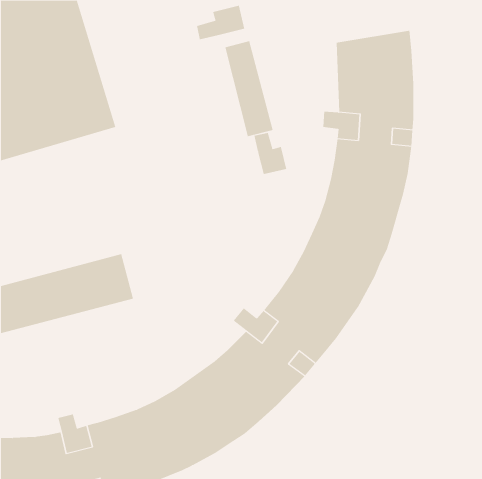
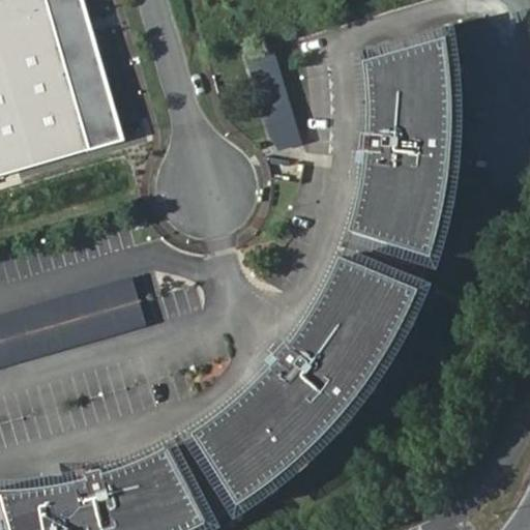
building: [196,5,245,40] -> none
building: [254,132,287,175] -> none

